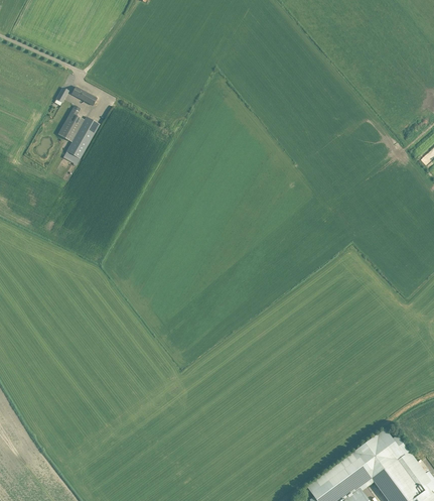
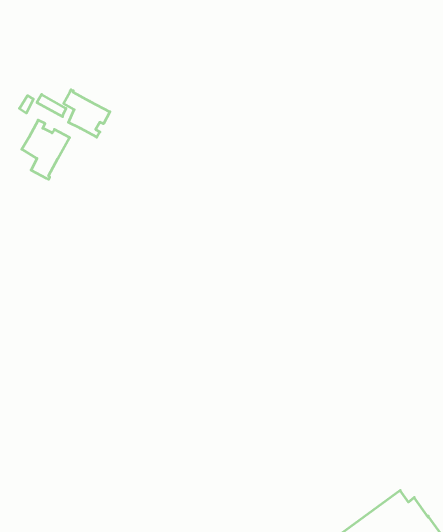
building: none -> [64,90,110,137]

